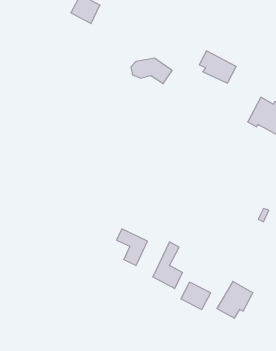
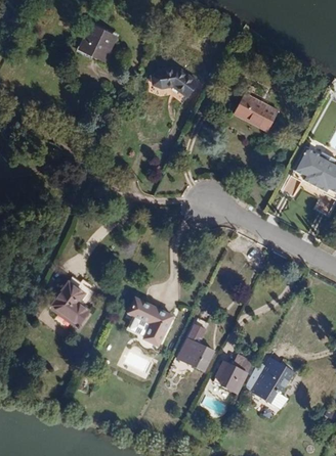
building: [131,58,172,84] -> [150,66,198,96]
building: none -> [51,272,94,321]

